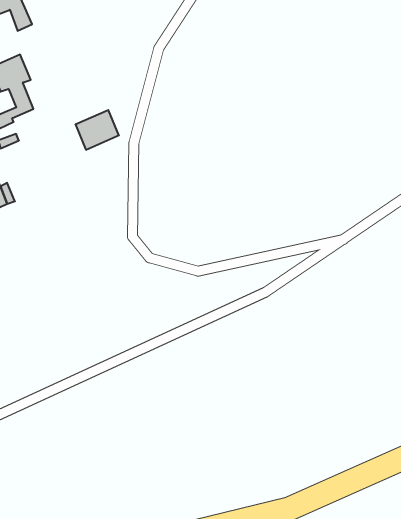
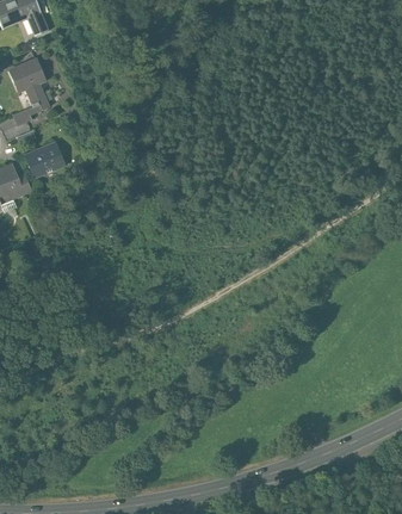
building: [75,110,119,150] -> [25,142,64,178]

